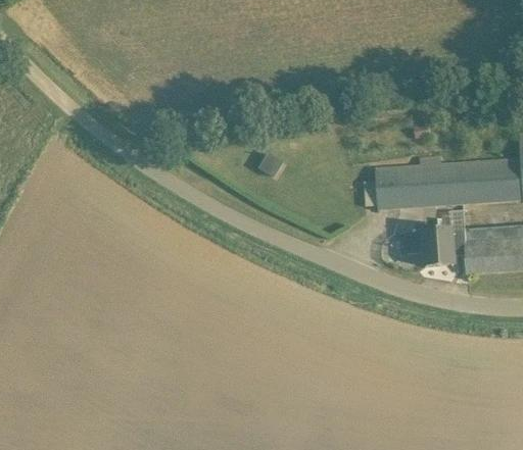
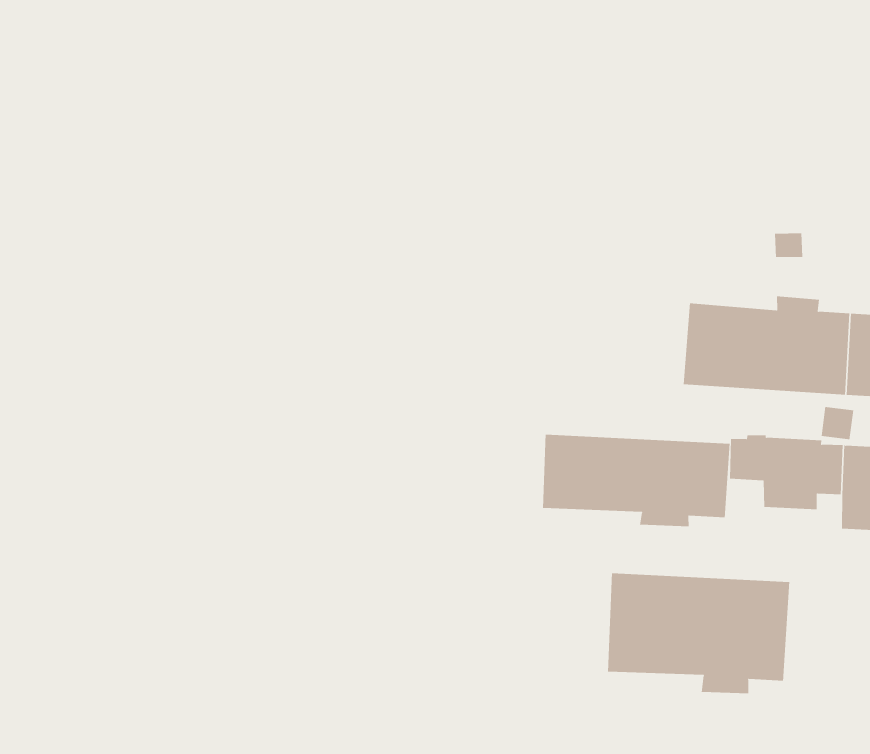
building: none -> [542,434,730,527]
building: none -> [608,572,790,694]

